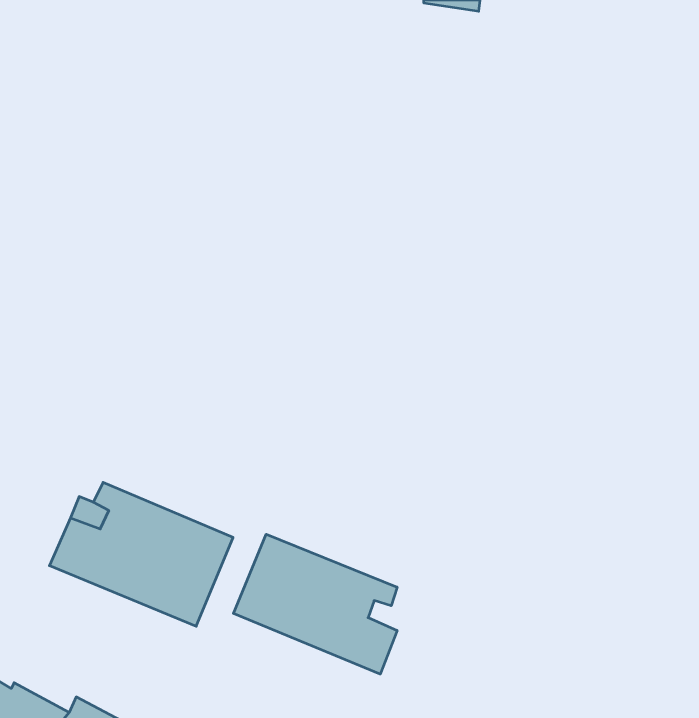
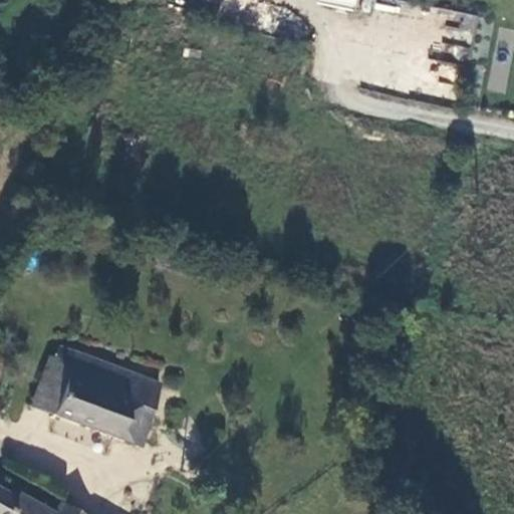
building: [233,534,397,674] -> none

